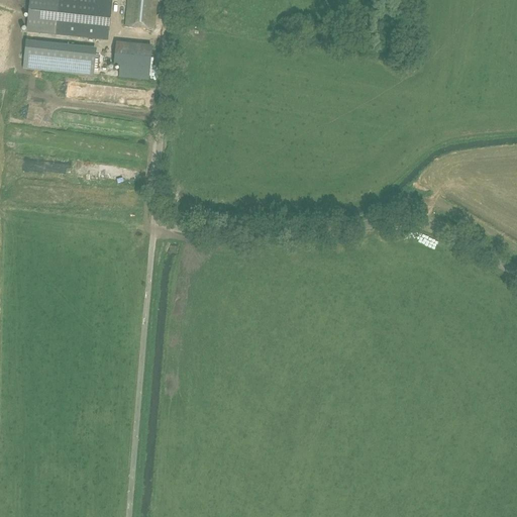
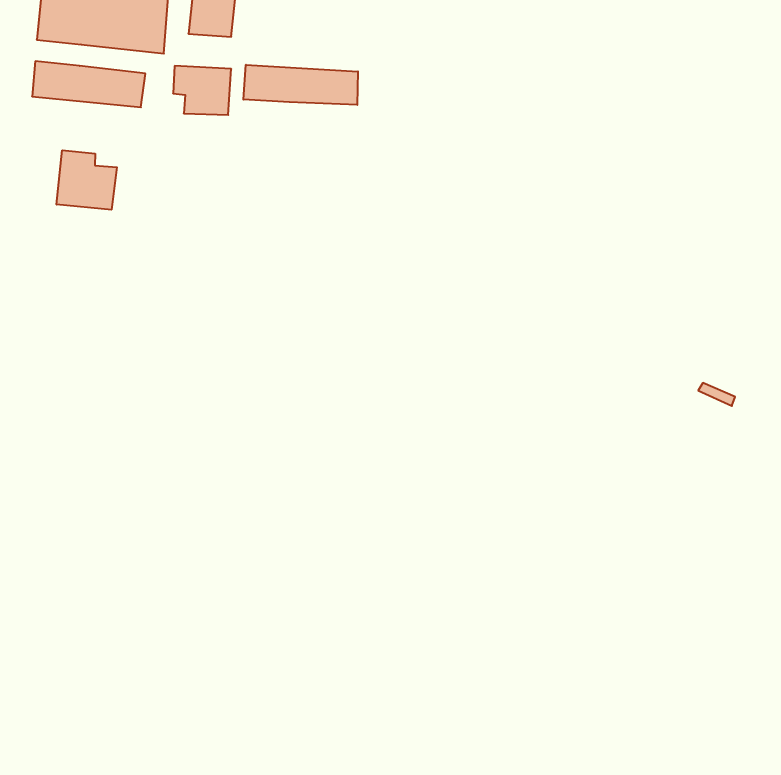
building: none -> [243,65,358,105]
building: none -> [57,150,117,210]

